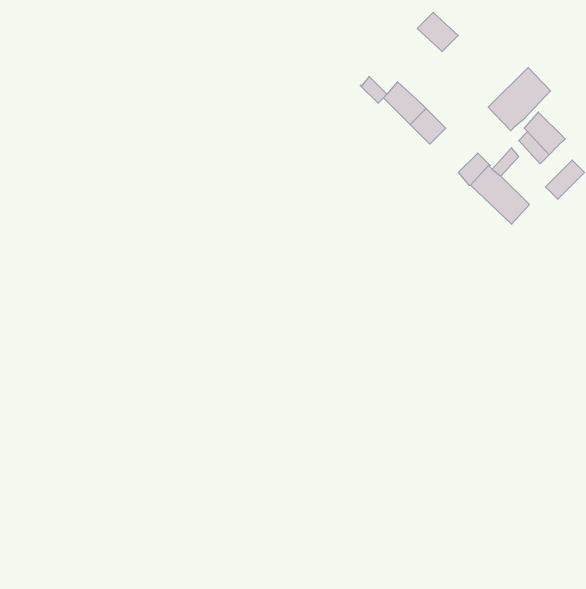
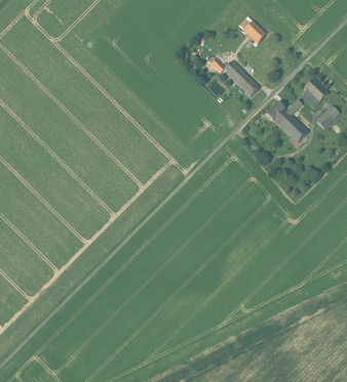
building: [488,68,551,131] -> none

